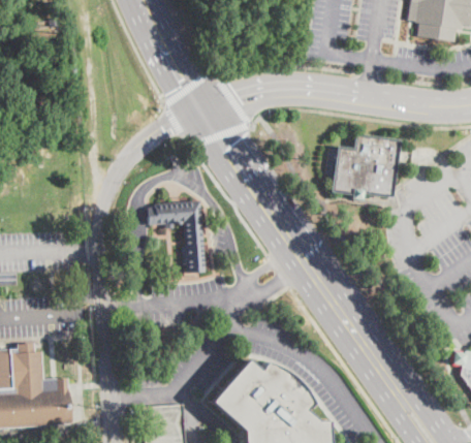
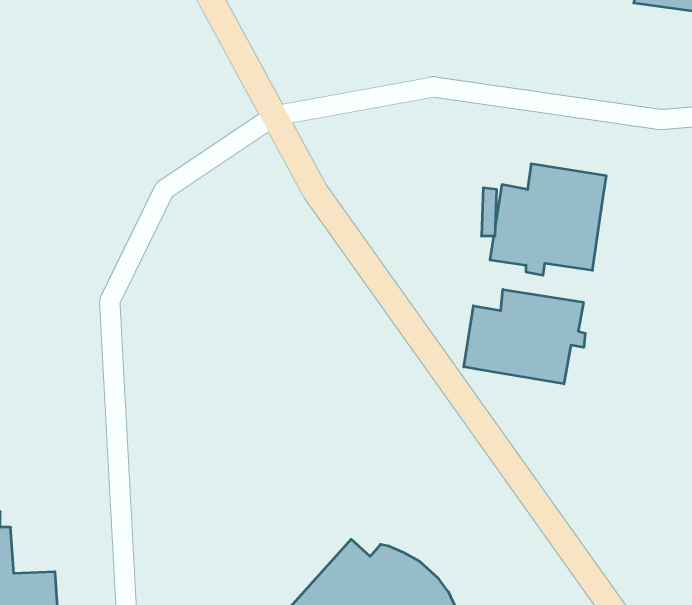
building: [149,199,207,273] -> none
building: none -> [464,289,585,384]

